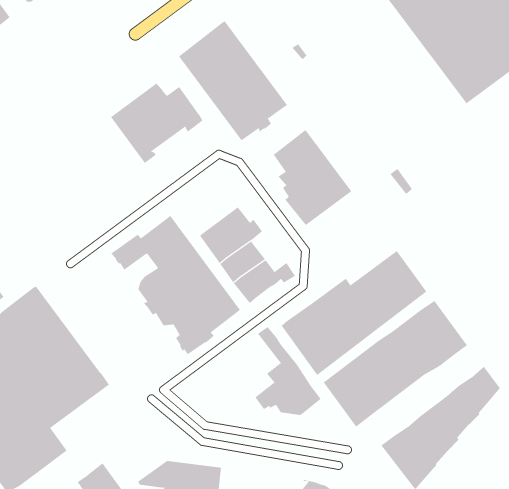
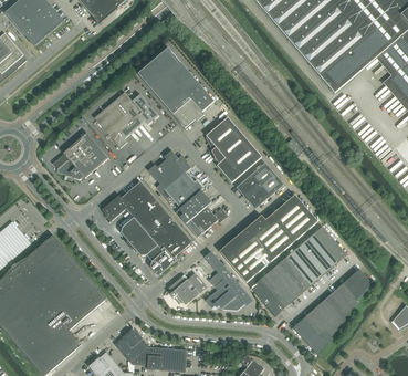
building: none -> [52,132,107,179]
building: none -> [147,149,190,192]
building: none -> [236,161,283,208]
building: none -> [167,272,207,304]
building: none -> [114,327,148,362]

